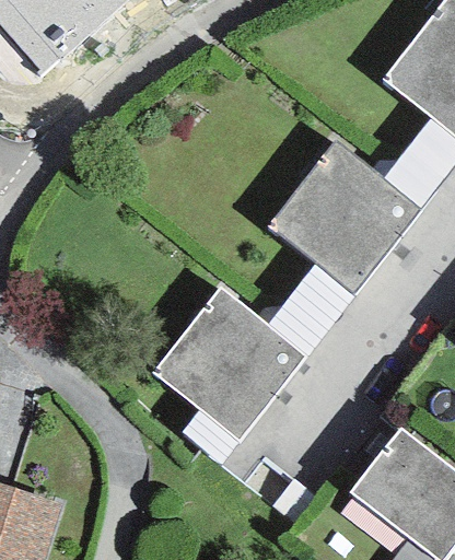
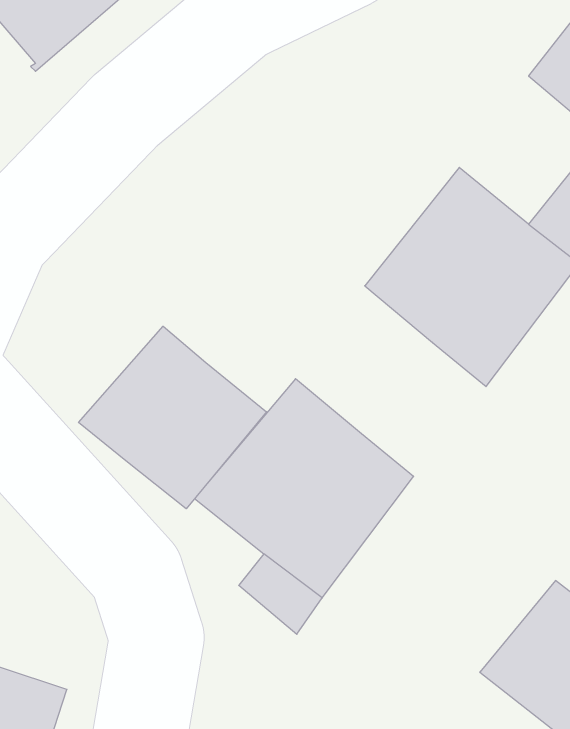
building: none -> [79,326,267,509]
building: [267,264,353,357] -> none

